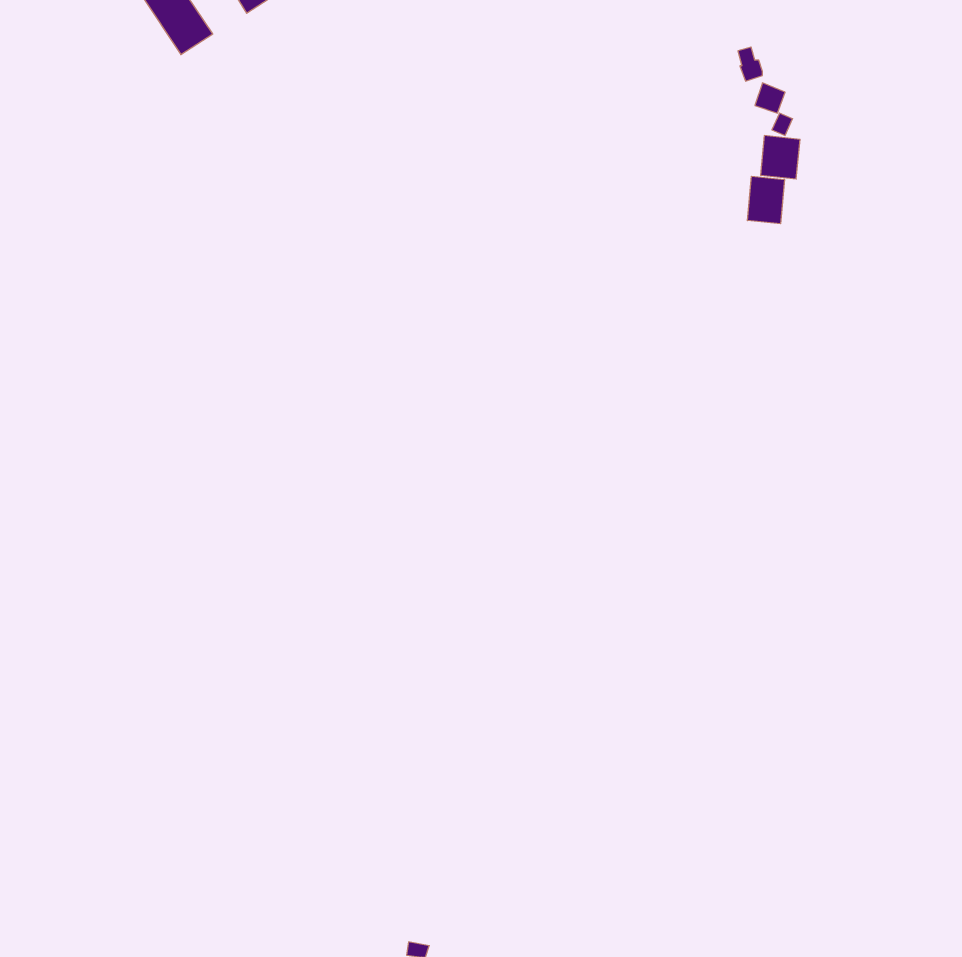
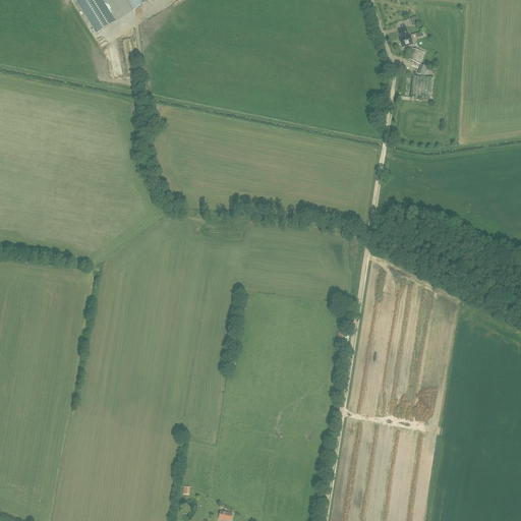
building: [747,176,784,224] -> none

